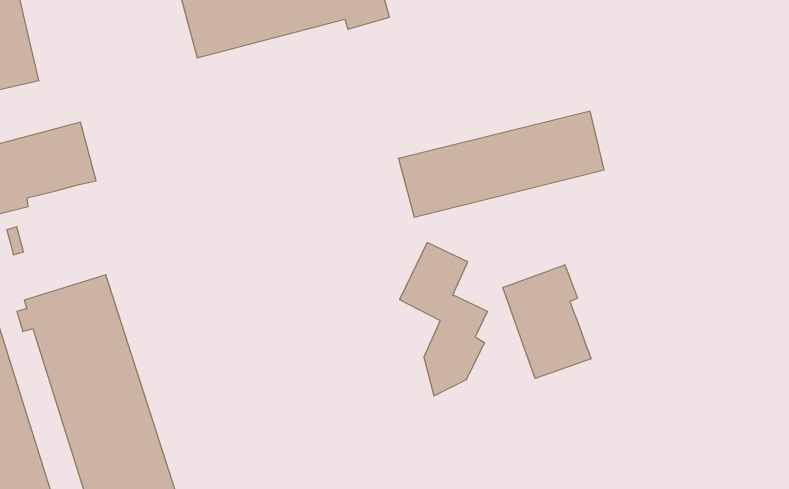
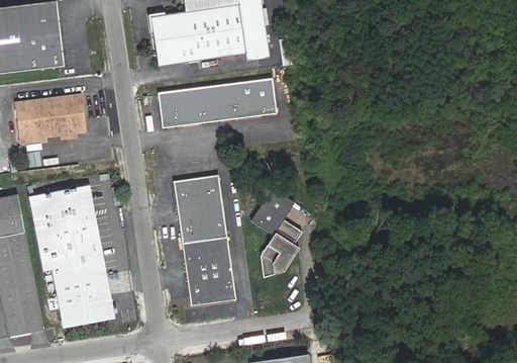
building: [398,111,604,217] -> [158,78,277,127]
building: none -> [175,175,236,303]
building: [503,265,591,378] -> none

